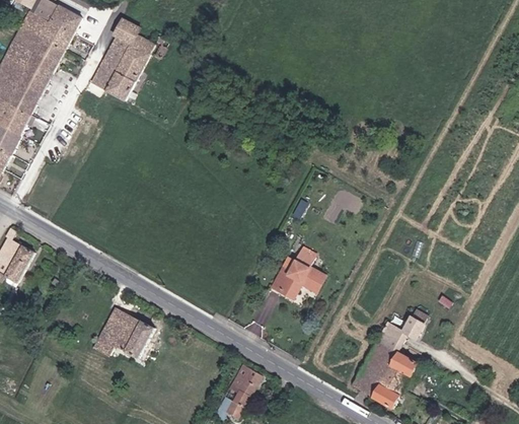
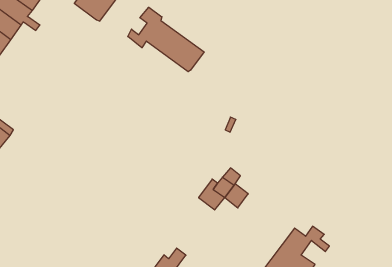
building: none -> [128,7,204,72]
building: [95,303,152,353] -> none

